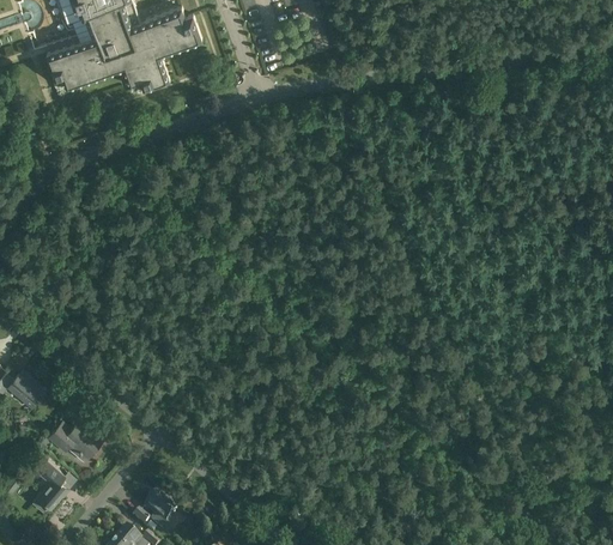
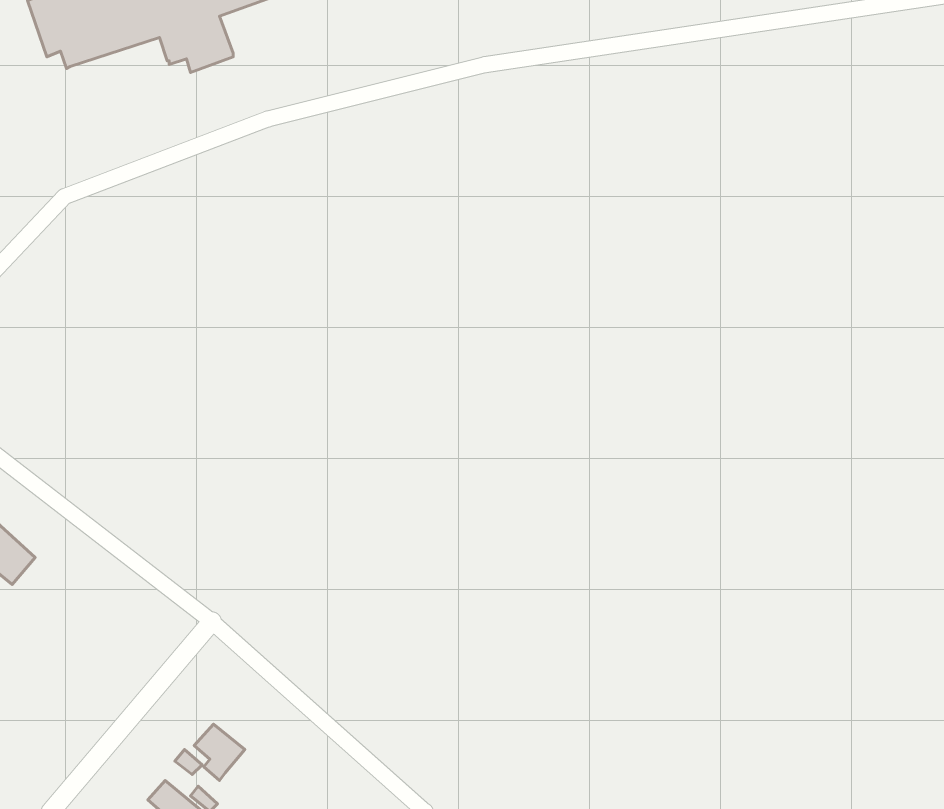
building: [45,418,101,455] -> none
building: [32,455,74,507] -> none

